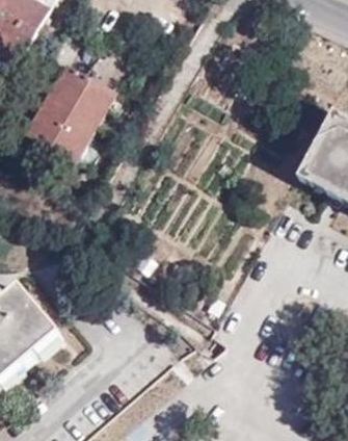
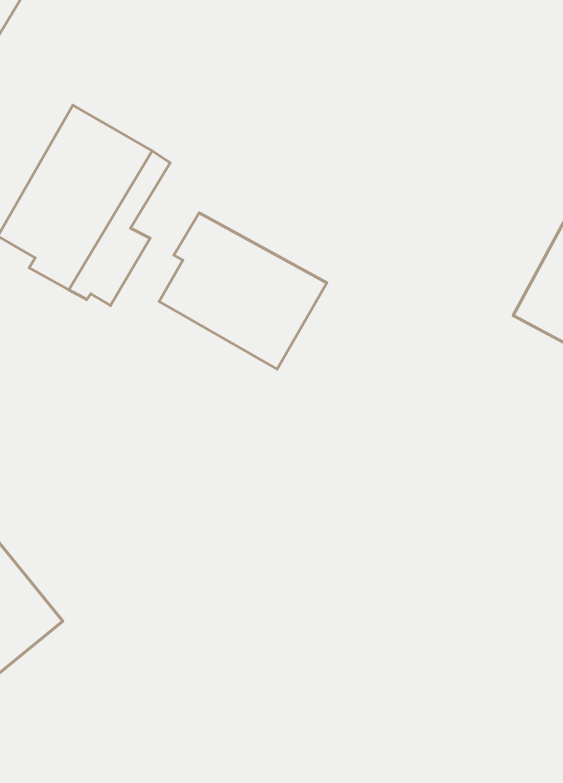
building: none -> [159,213,327,369]

